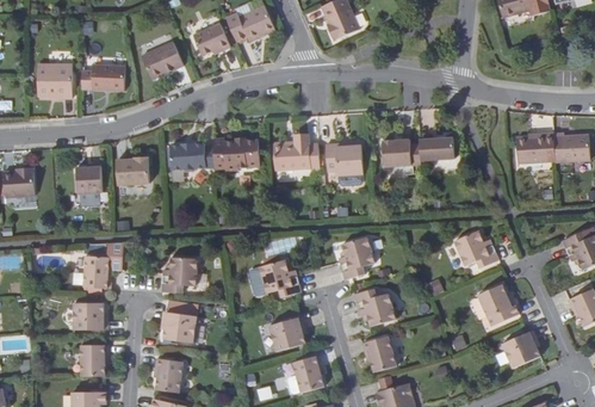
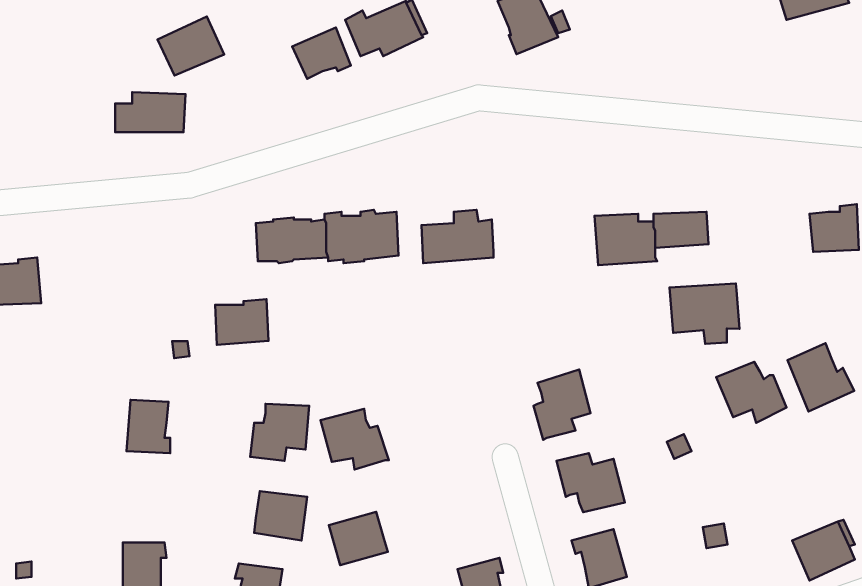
building: [137,39,179,76] -> [157,17,224,76]
building: [33,62,68,97] -> none
building: [321,142,359,174] -> none
building: [112,155,145,184] -> [215,299,268,345]
building: [72,162,98,192] -> none
building: none -> [669,284,740,344]
building: [259,260,302,298] -> [320,409,389,470]
building: [478,284,520,327] -> [788,343,854,412]
building: [75,303,105,331] -> none
building: [268,317,305,351] -> [329,512,388,565]

